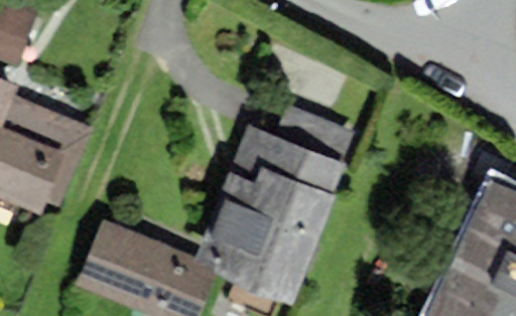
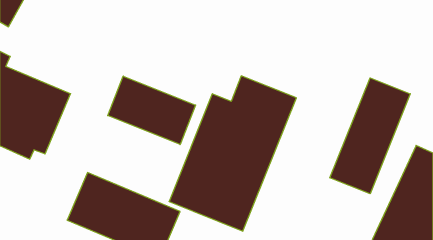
building: none -> [108,76,196,145]
building: none -> [330,78,410,194]

